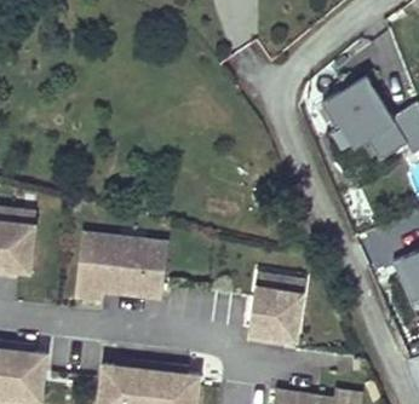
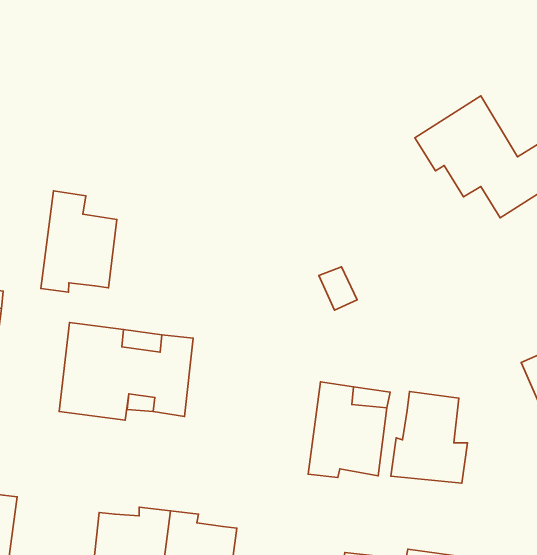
building: none -> [41,191,117,292]
building: none -> [391,392,467,483]

